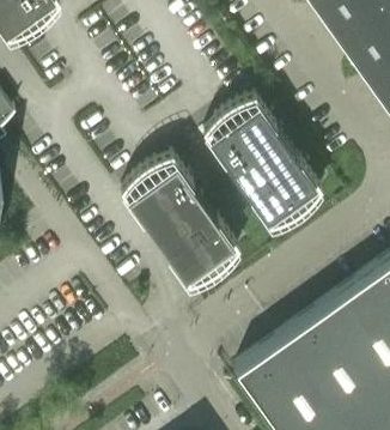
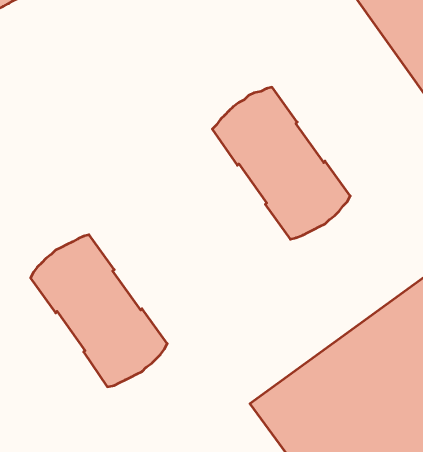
building: [124,163,242,293] -> [31,235,167,387]

